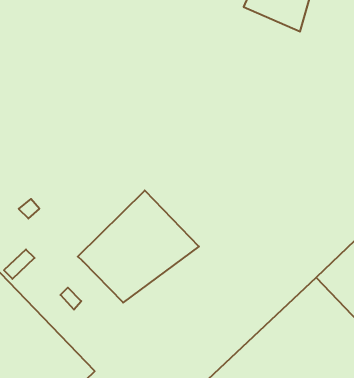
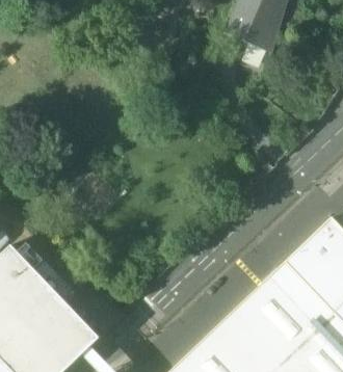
building: [78,190,199,303] -> none

